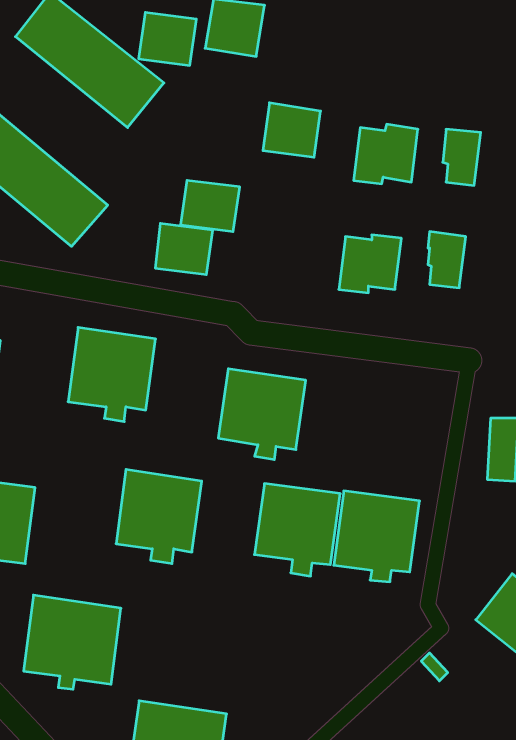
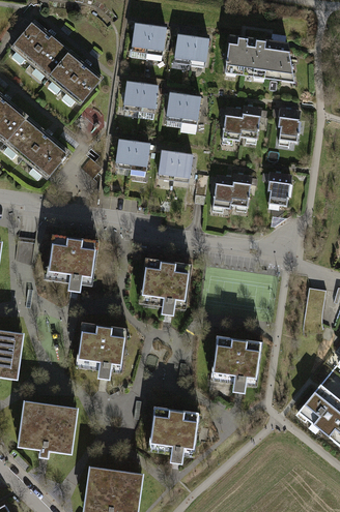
building: [139,12,196,65] -> [122,80,159,113]
building: none -> [174,35,210,66]
building: none -> [225,36,295,82]
building: [155,223,213,275] -> [158,150,194,182]
building: [254,484,340,576] -> [147,404,201,462]

